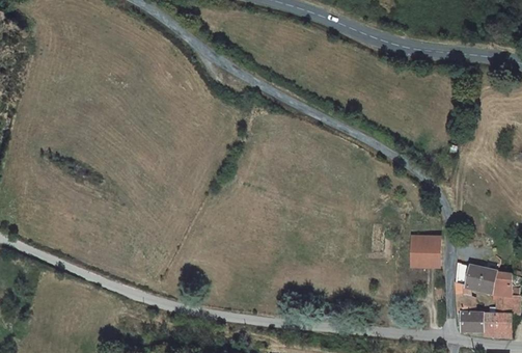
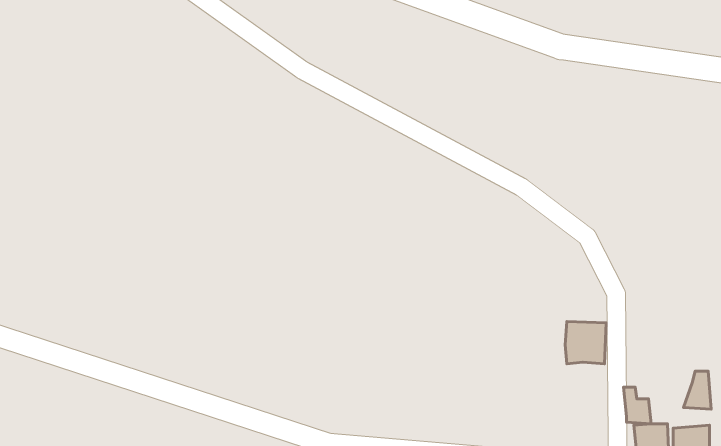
building: [464,262,496,291] -> none

